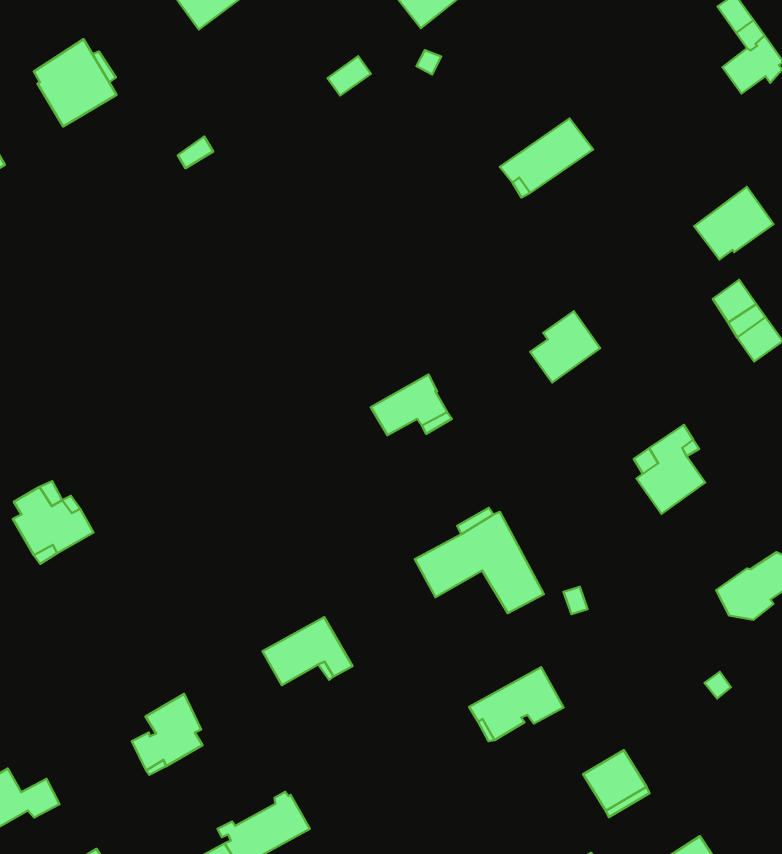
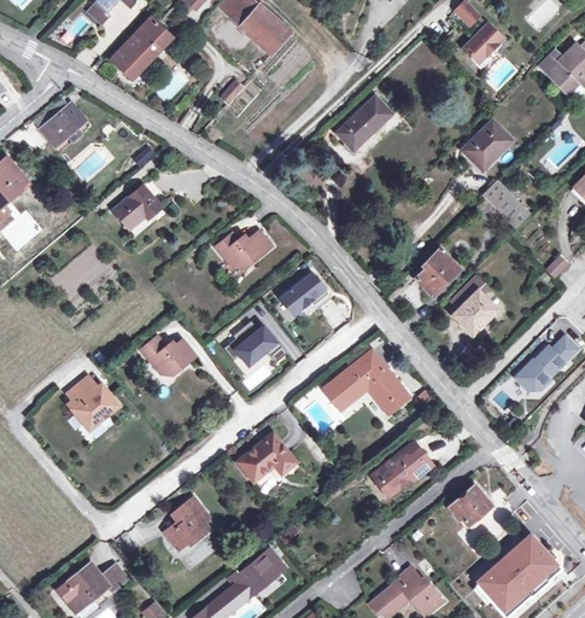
building: none -> [113,186,162,228]
building: none -> [216,232,271,269]
building: [530,311,600,383] -> [416,249,460,296]
building: none -> [223,321,287,365]
building: none -> [141,338,195,375]

